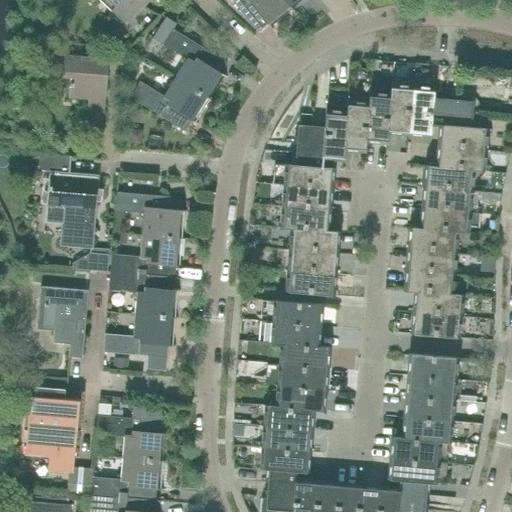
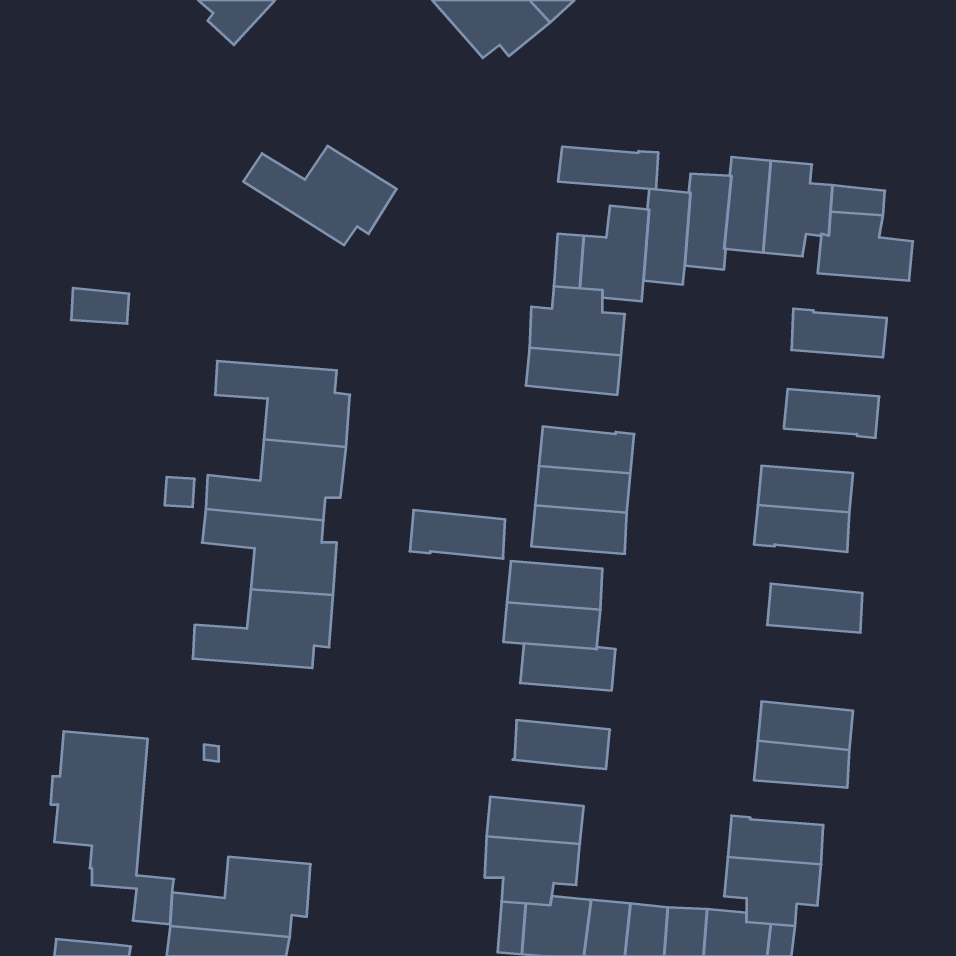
building: [152,18,227,101] -> none
building: [58,55,108,126] -> none
building: none -> [558,147,658,189]
building: [435,146,486,172] -> none
building: [46,175,97,247] -> none
building: [421,187,472,212] -> none
building: [279,206,330,232] -> [410,510,505,559]
building: [407,227,458,253] -> none
building: [37,286,87,359] -> none
building: [412,291,463,317] -> none
building: [407,354,458,380] -> none
building: [276,365,327,390] -> none
building: [262,405,313,431] -> none
building: [96,407,168,462] -> none
building: [401,417,453,443] -> none

